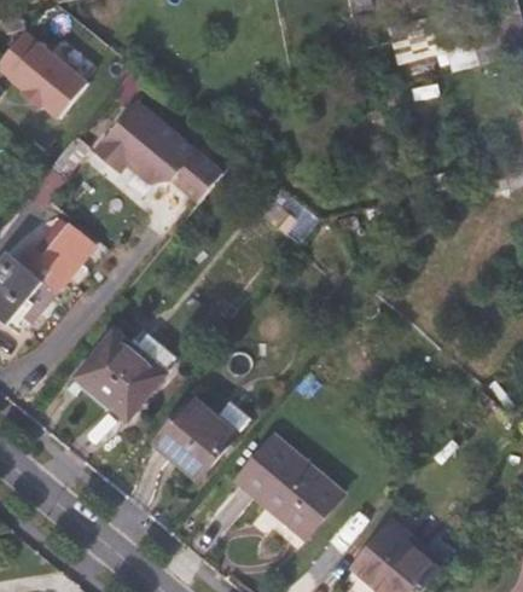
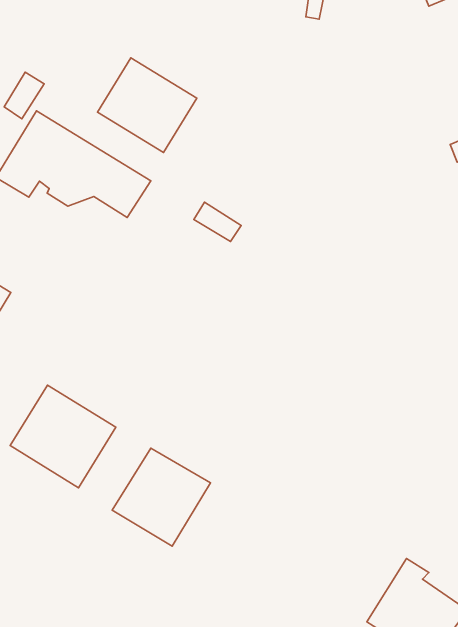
building: none -> [97,58,197,153]
building: [236,435,342,538] -> none

